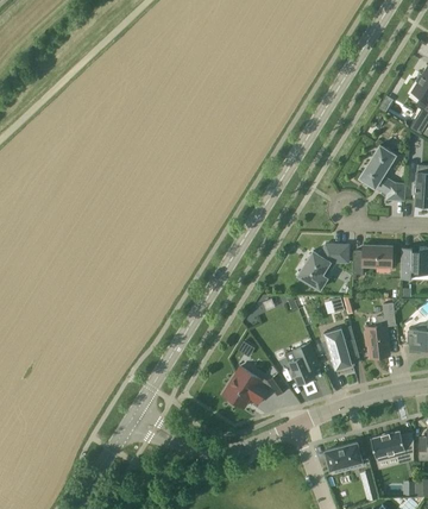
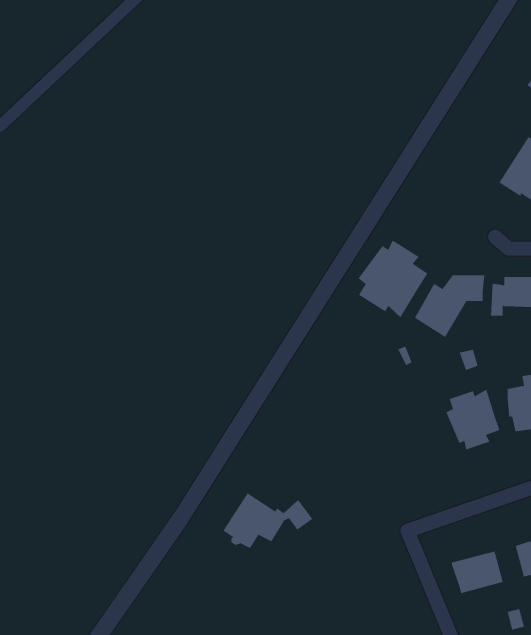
building: none -> [358,239,428,318]
building: [288,341,320,384] -> none
building: [224,366,289,407] -> [222,493,313,549]

